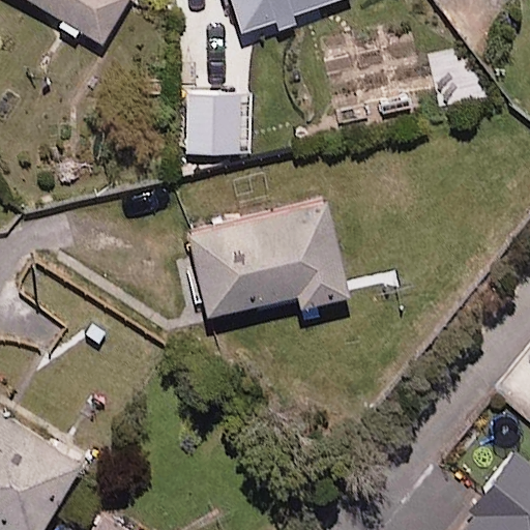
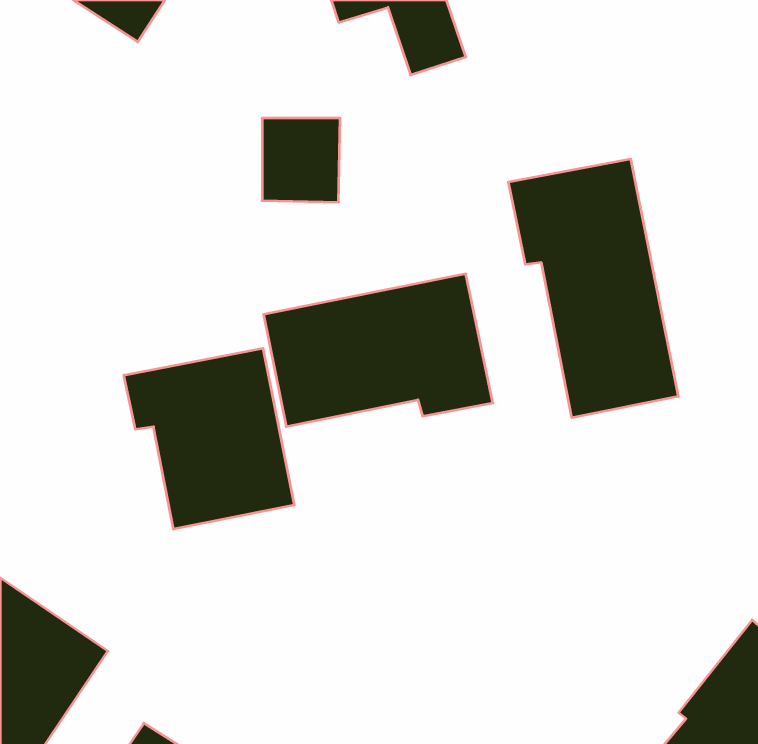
building: none -> [508,159,678,418]
building: none -> [124,348,294,529]

